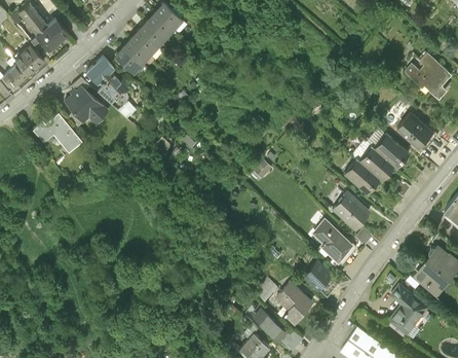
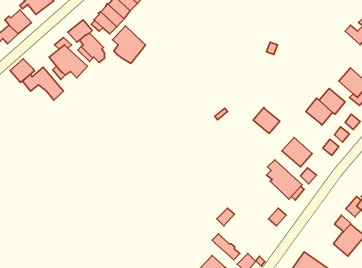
building: none -> [112,26,146,64]
building: none -> [10,59,34,82]
building: [345,162,376,191] -> [253,108,280,134]
building: [302,260,330,287] -> none
building: [274,279,309,318] -> none

